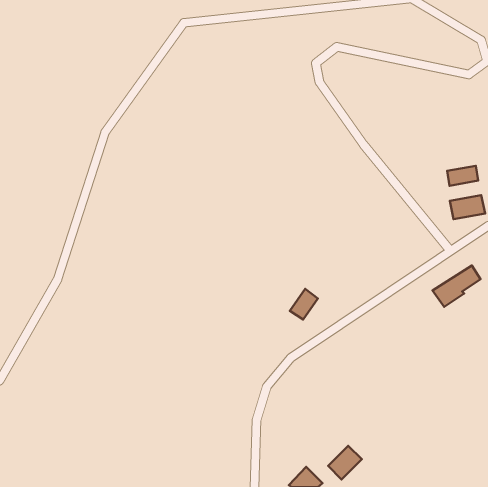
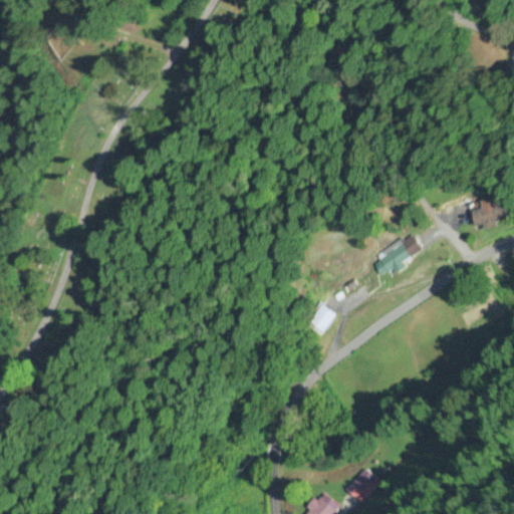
building: [447,166,478,186] -> none
building: [433,266,480,307] -> [372,234,423,277]

